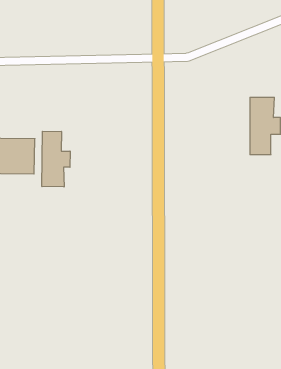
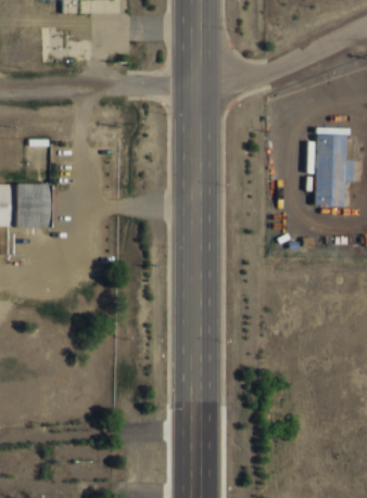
building: [42,131,70,187] -> none

